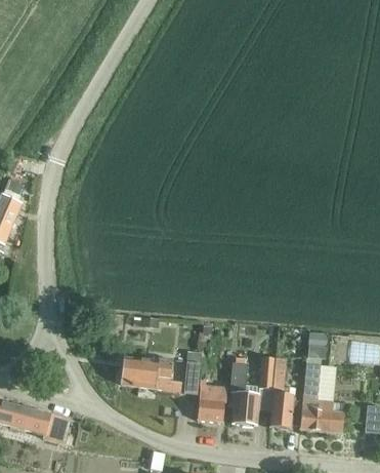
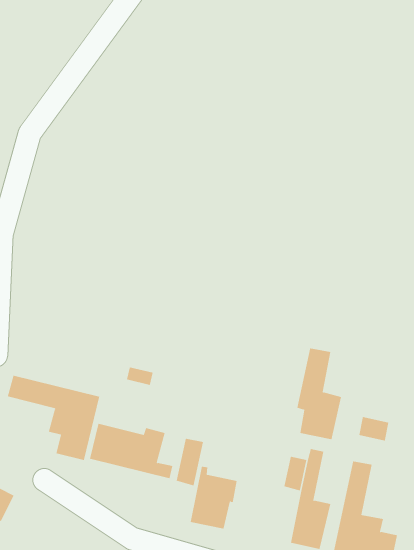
building: none -> [7,375,100,461]
building: [227,362,258,425] -> [297,348,342,440]

